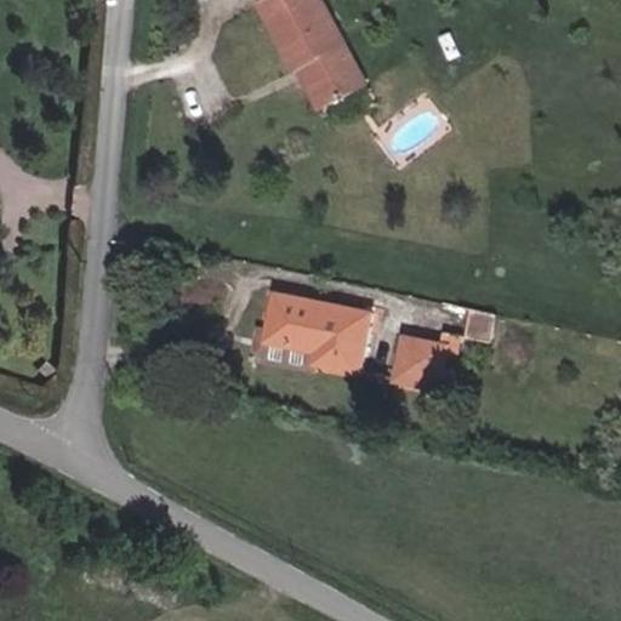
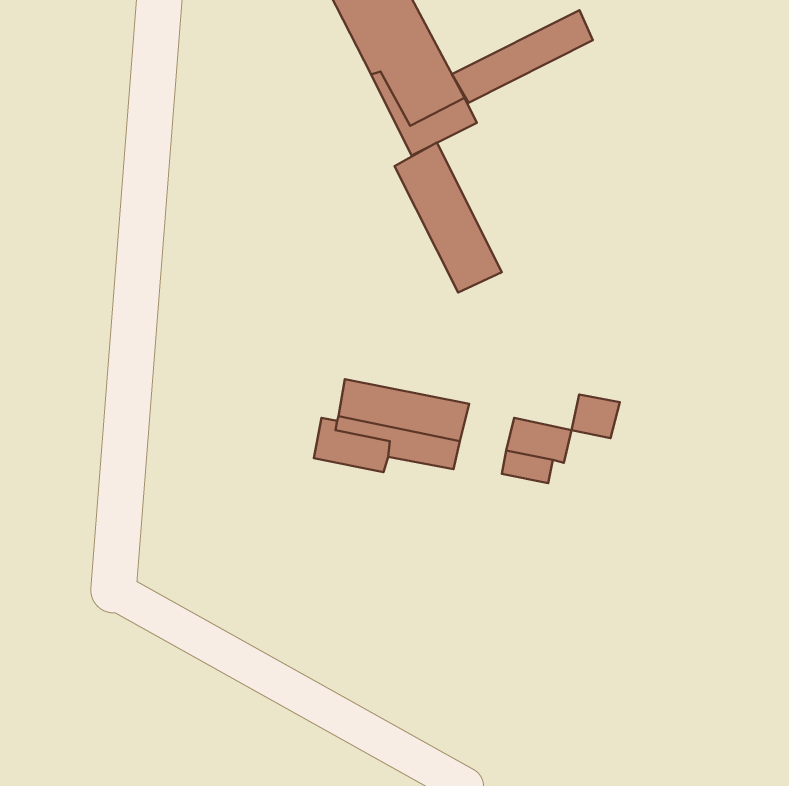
building: none -> [452,10,593,103]
building: none -> [394,143,502,292]

